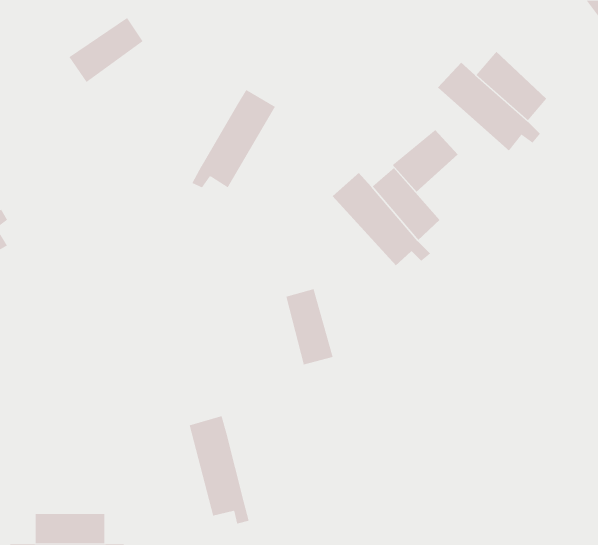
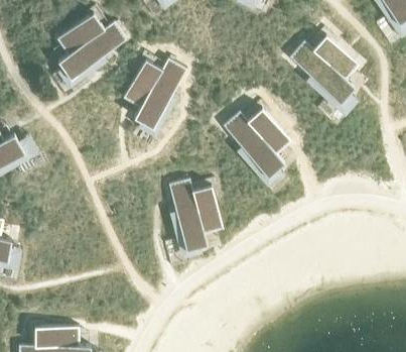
building: none -> [58,23,127,76]
building: none -> [123,60,162,108]
building: [392,129,458,193] -> none
building: [189,416,249,524] -> [169,180,208,248]

